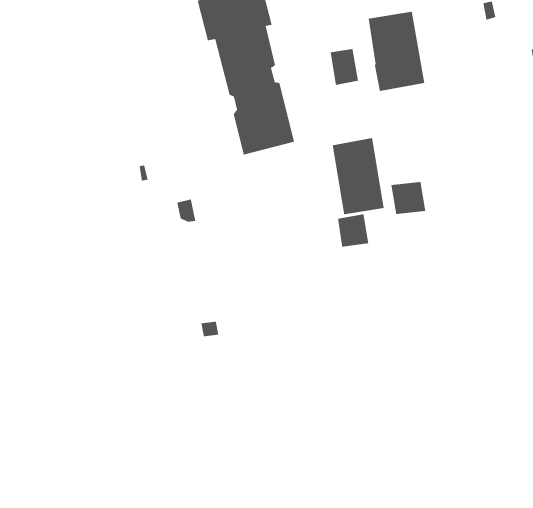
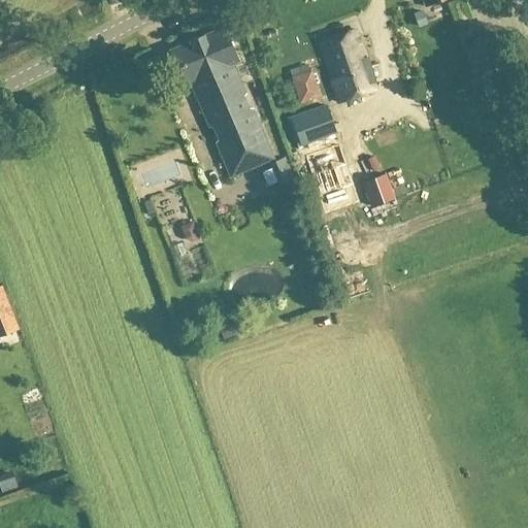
building: none -> [289,103,337,145]
building: [337,213,369,248] -> none

